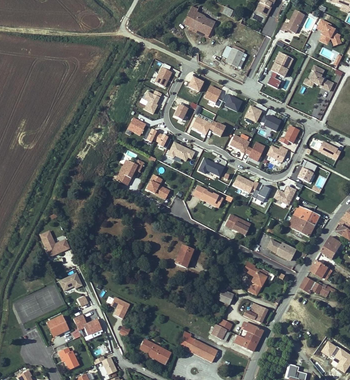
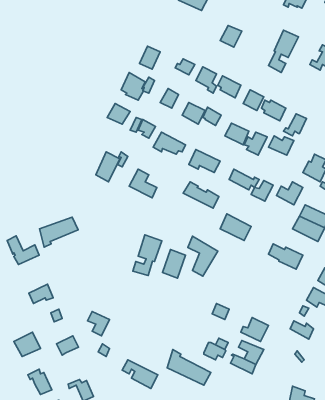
building: none -> [39,217,78,247]
building: none -> [133,235,162,276]
building: [244,260,270,295] -> [188,236,218,276]

